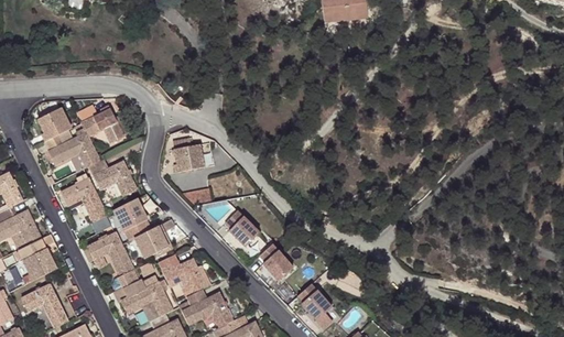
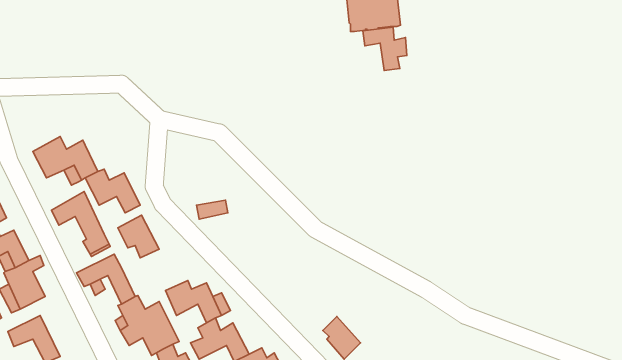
building: none -> [363,27,407,70]
building: [79,102,126,143] -> none
building: [34,106,69,141] -> none
building: [174,135,207,173] -> none
building: [231,204,260,240] -> none
building: [135,219,175,254] -> none
building: [259,244,293,281] -> none

